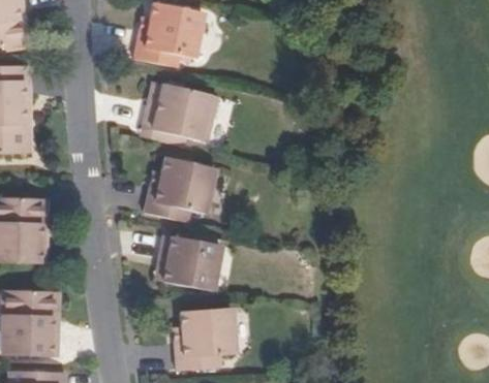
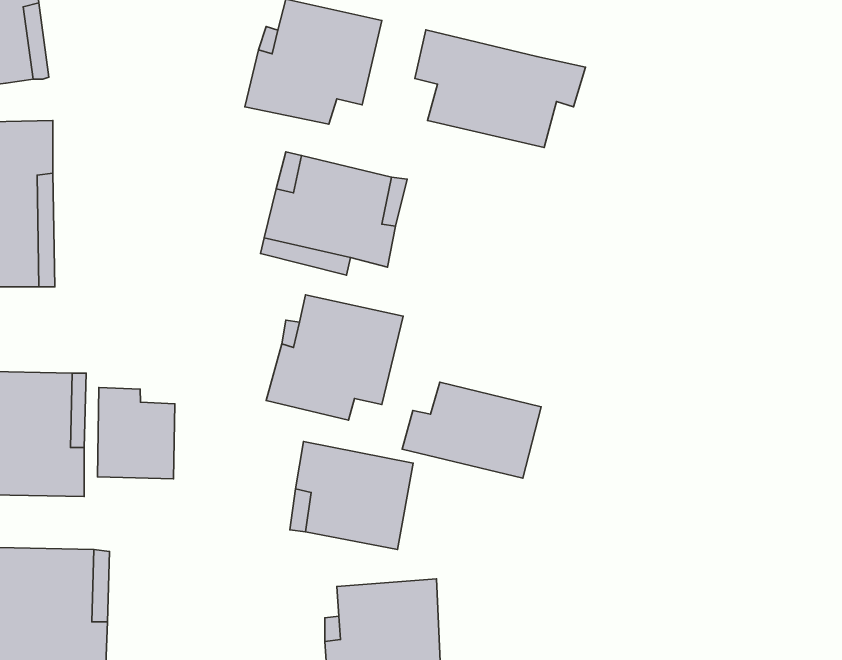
building: none -> [415,30,585,148]
building: none -> [402,382,541,478]
building: none -> [98,388,175,479]

